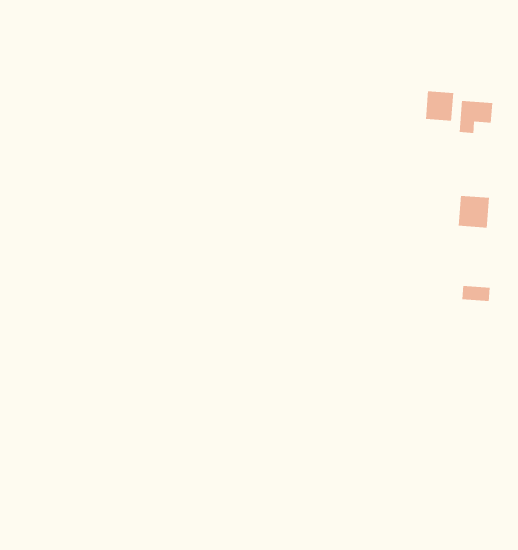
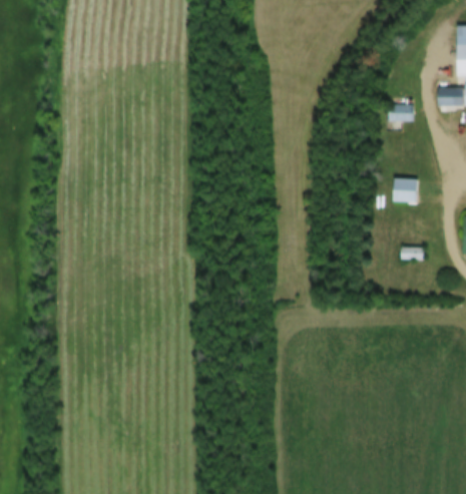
building: [425,90,454,121] -> none

